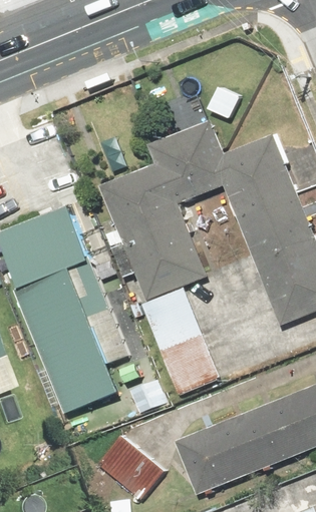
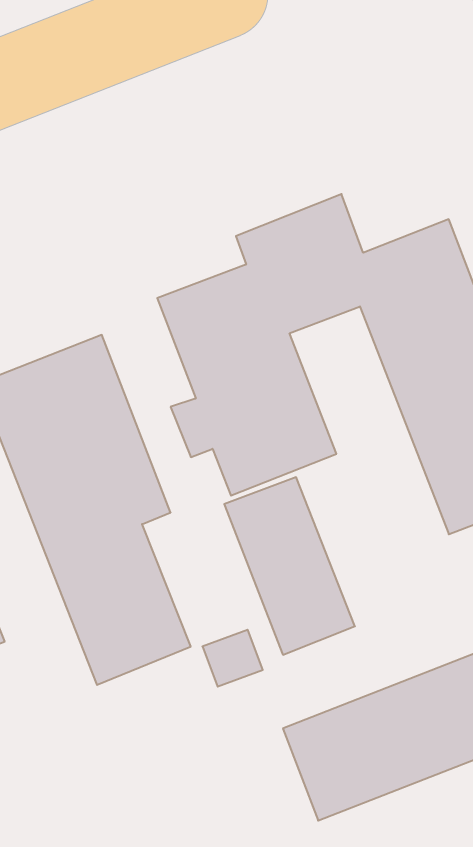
building: [95,435,164,501] -> none

